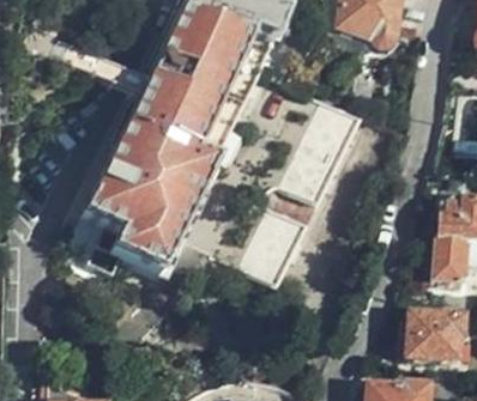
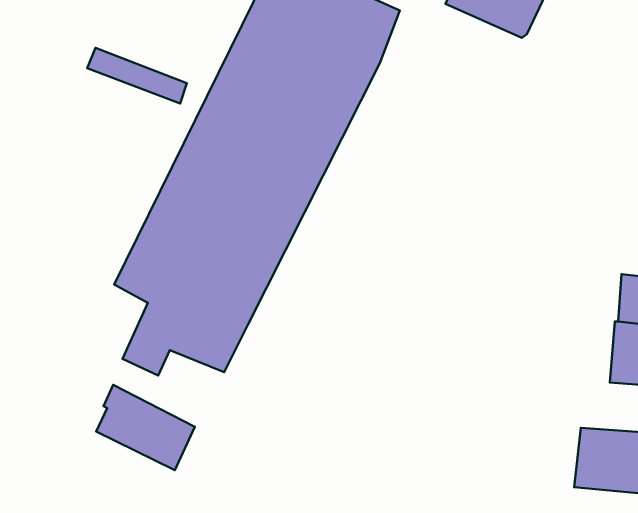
building: [233,99,360,285] -> none
building: none -> [96,385,195,470]

